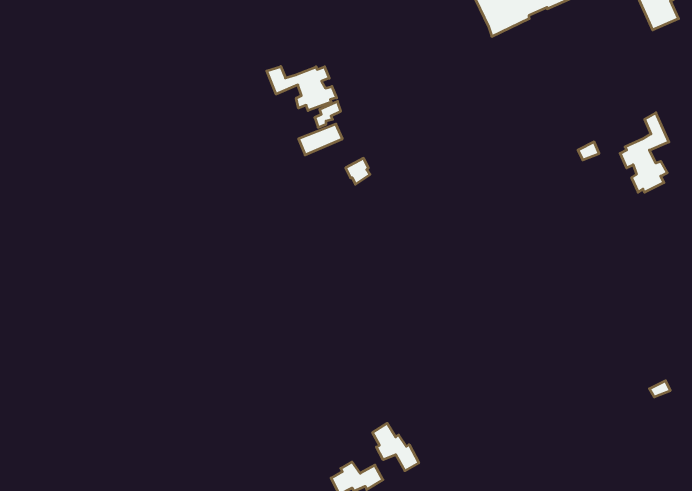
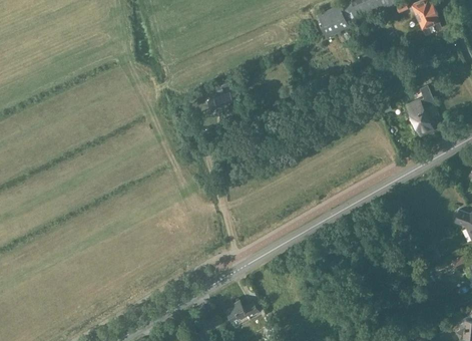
building: [267,66,337,111] -> none
building: [373,423,419,471] -> none

